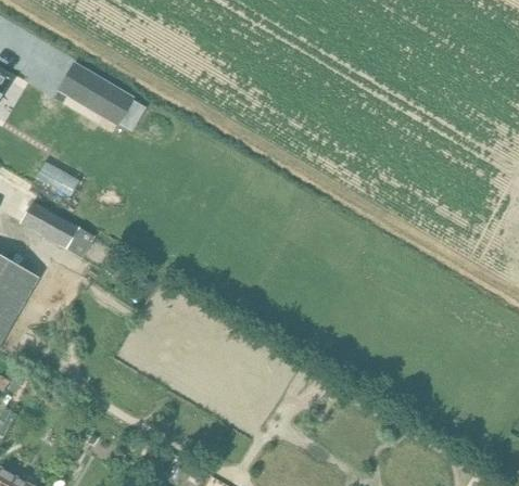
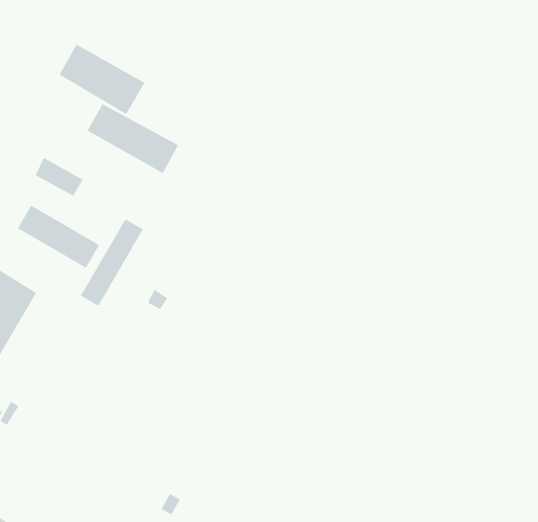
building: none -> [86,103,179,174]
building: none -> [80,218,144,307]

